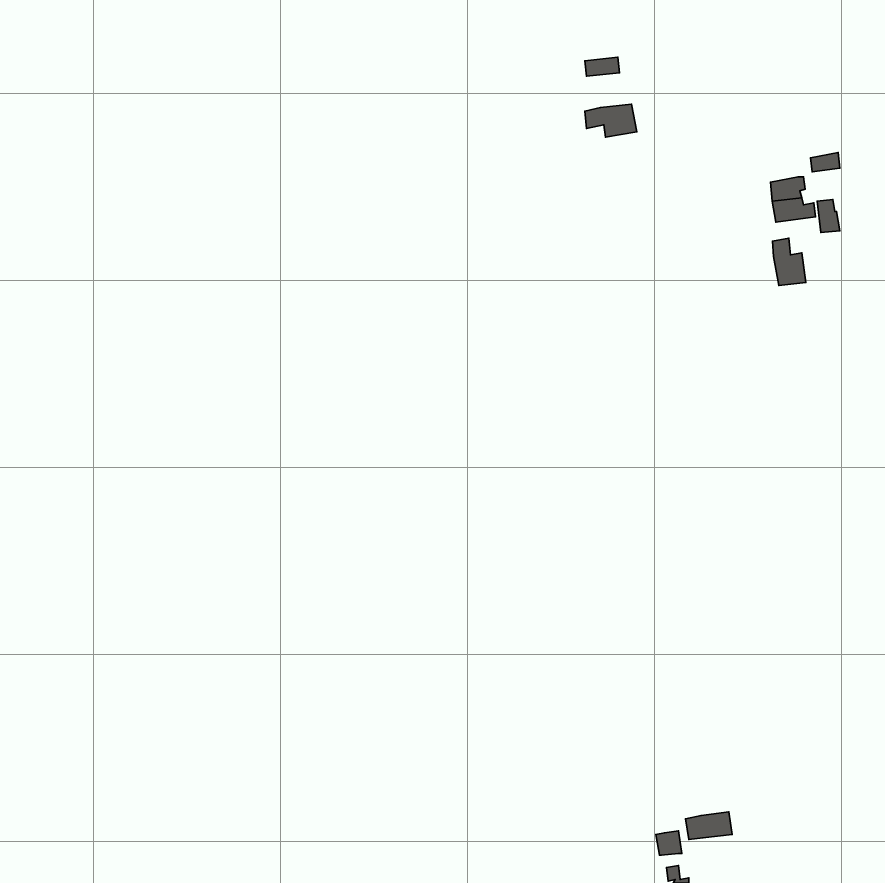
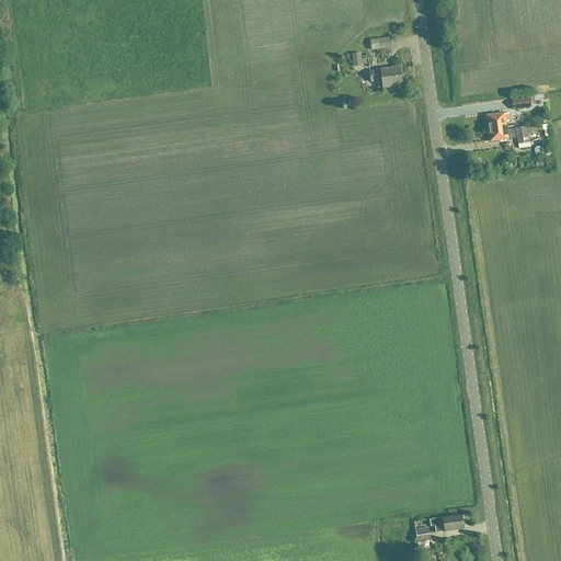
building: [772,238,806,286] -> none

